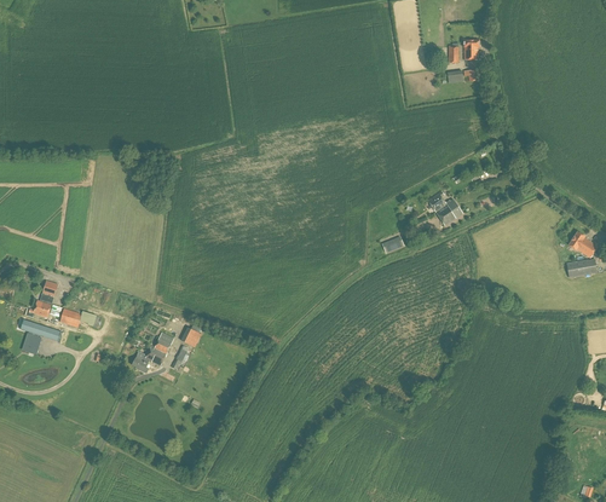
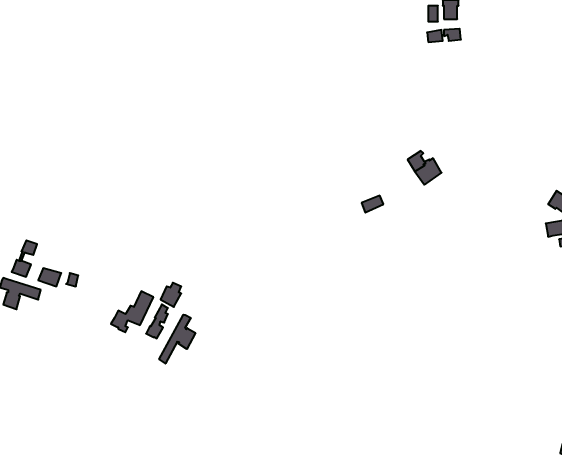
building: none -> [159,315,195,364]

